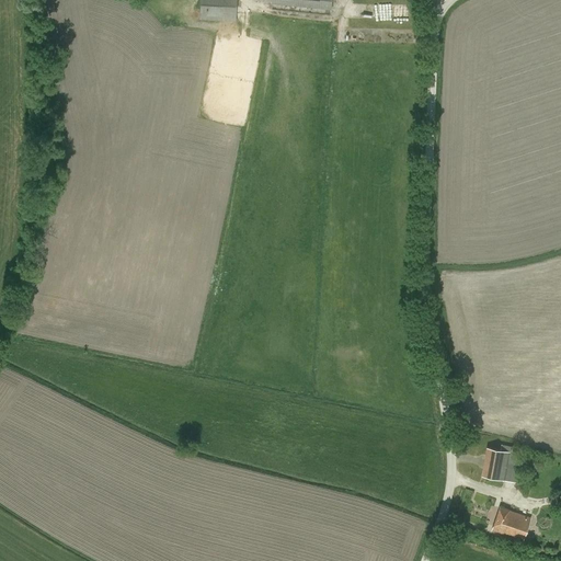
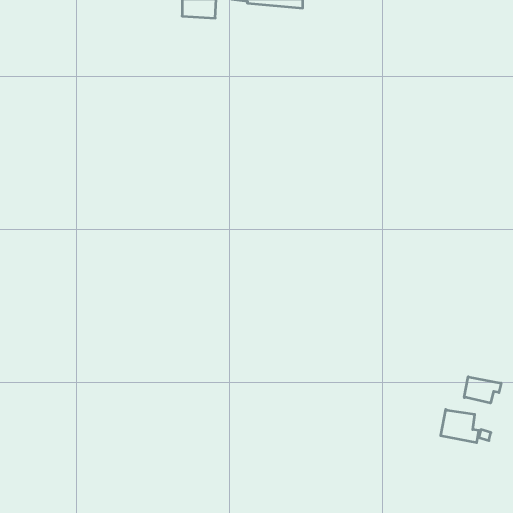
building: none -> [464,377,501,403]
building: [491,506,529,539] -> none

